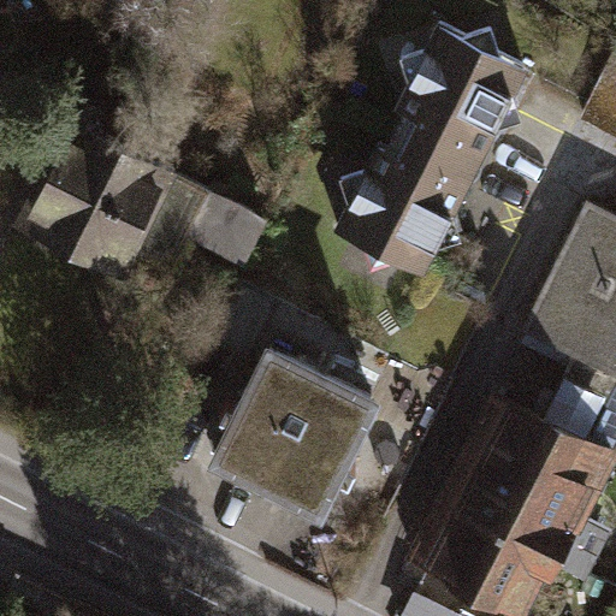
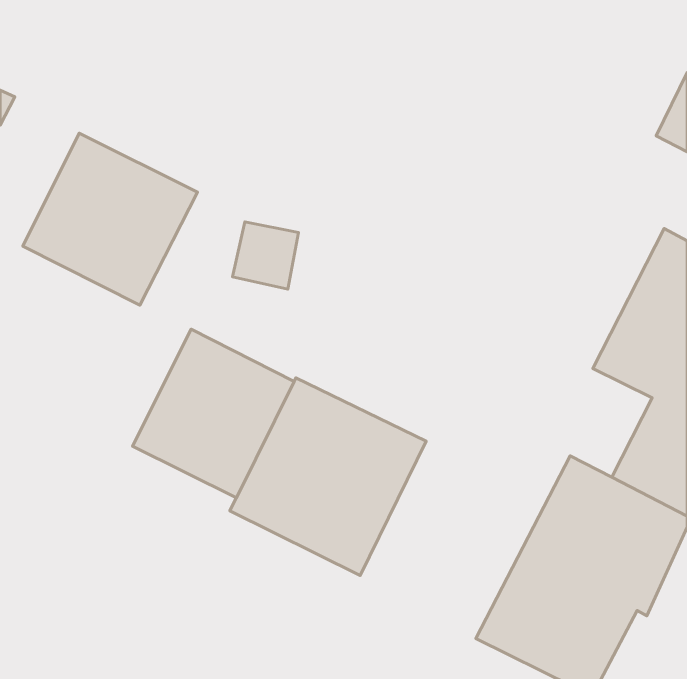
building: [337,34,533,282] -> none
building: none -> [133,329,294,498]

